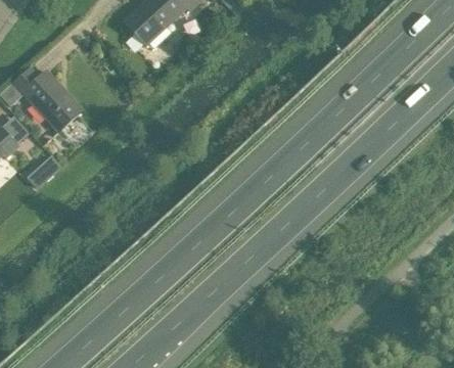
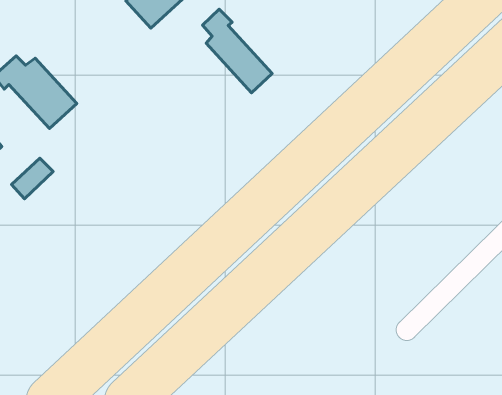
building: none -> [202,9,272,93]

